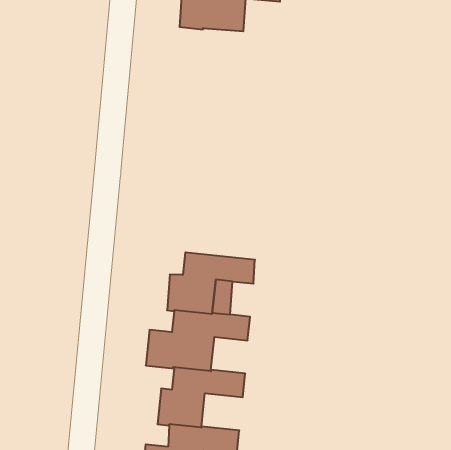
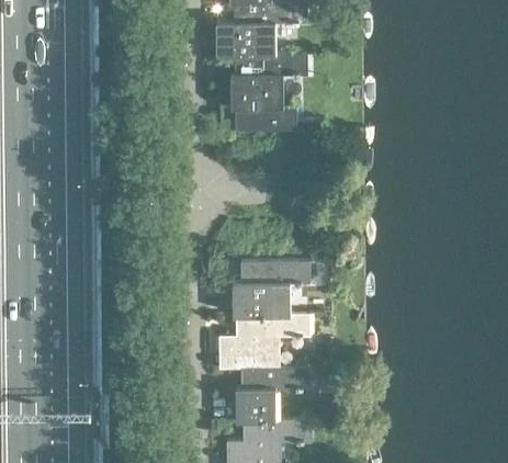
building: none -> [229,53,306,131]

